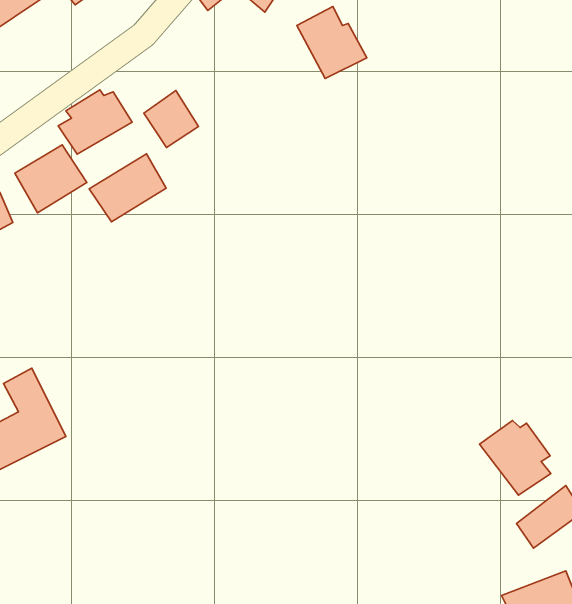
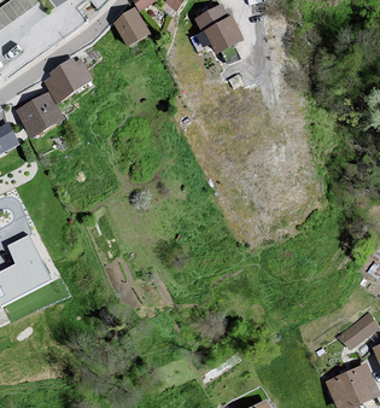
building: [144,91,199,147] -> [113,7,148,43]
building: [89,154,166,222] -> none
building: [479,420,551,495] -> none

